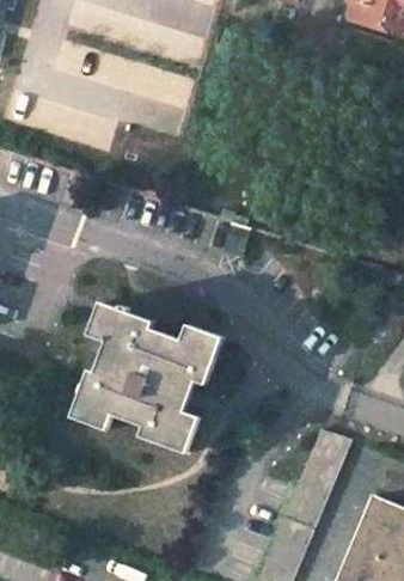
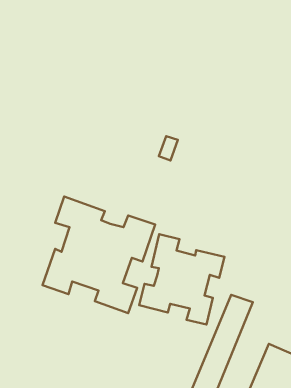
building: none -> [139,234,224,324]

